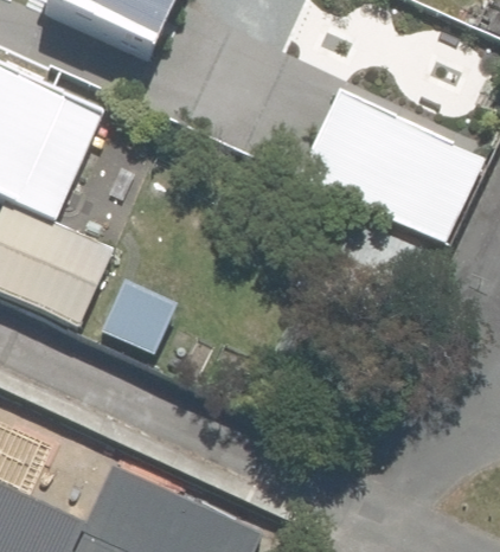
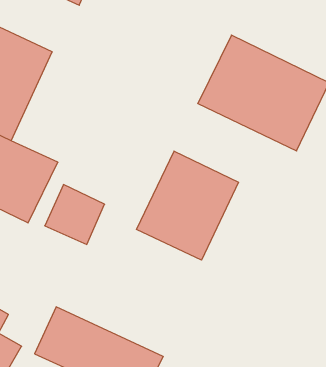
building: none -> [137,151,238,260]

